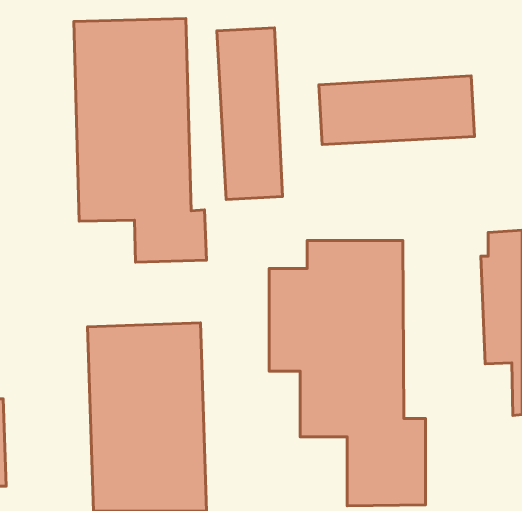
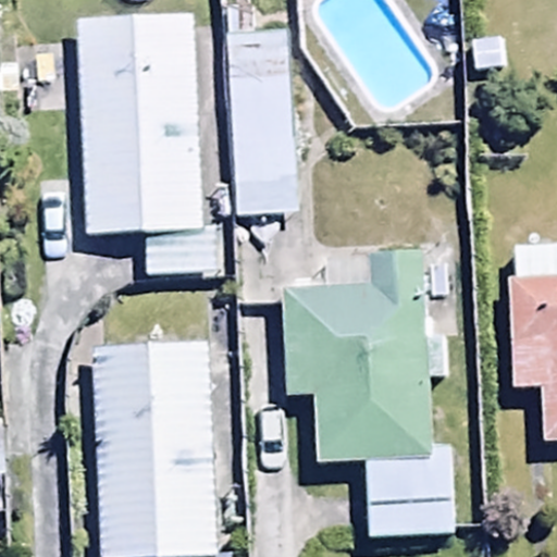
building: [319,76,475,144] -> none

